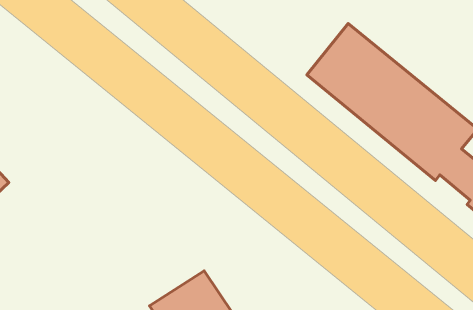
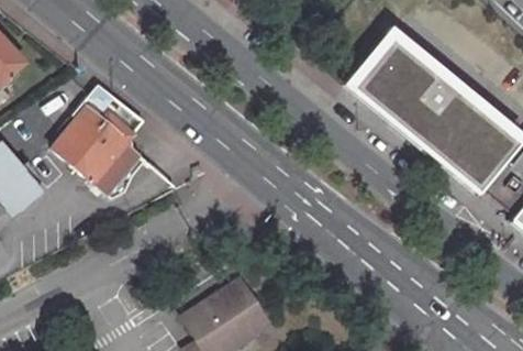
building: none -> [55,89,153,193]

